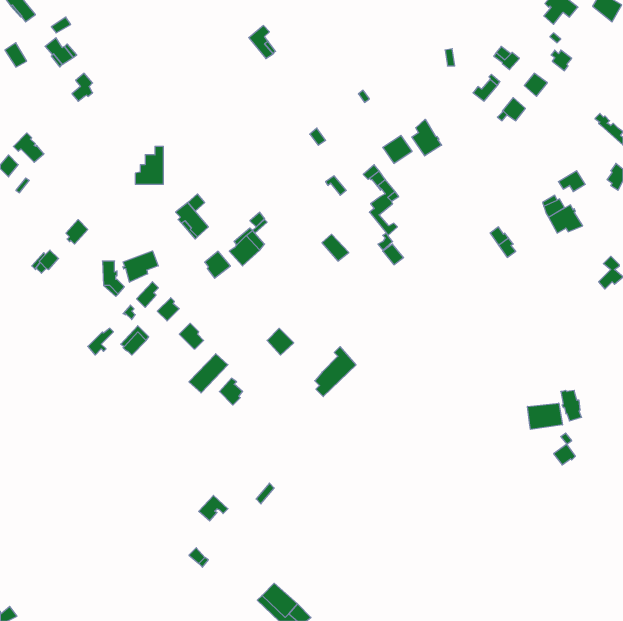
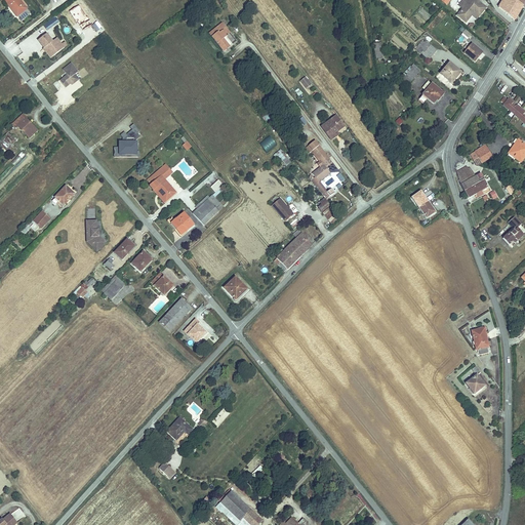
building: [412,119,442,156] -> none
building: [123,251,158,282] -> none
building: [315,347,356,397] -> [277,228,312,270]
building: [528,403,562,429] -> none

